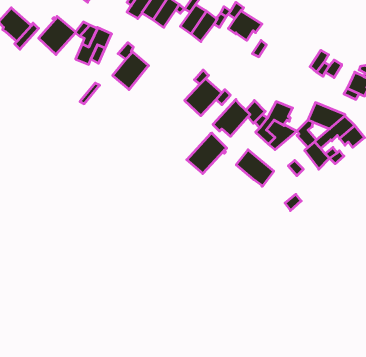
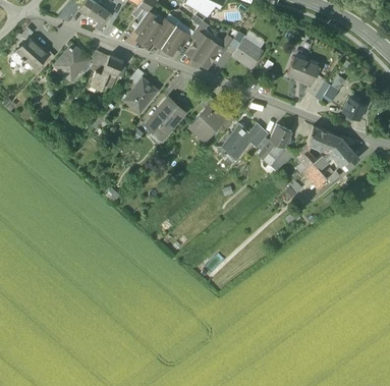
building: none -> [287,57,319,84]
building: none -> [147,98,184,137]
building: [187,133,227,174] -> none
building: [236,150,274,186] -> none

